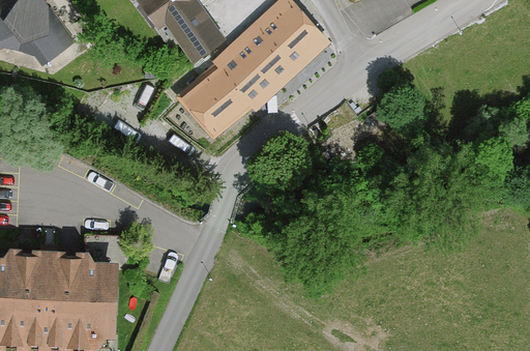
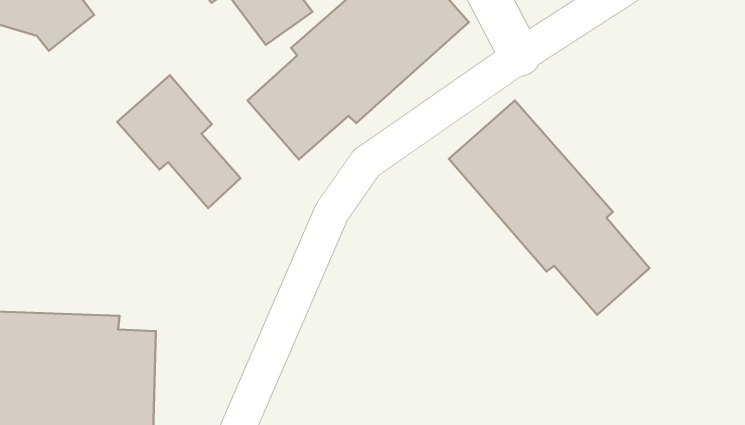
building: none -> [117,75,240,208]
building: none -> [449,100,650,315]

